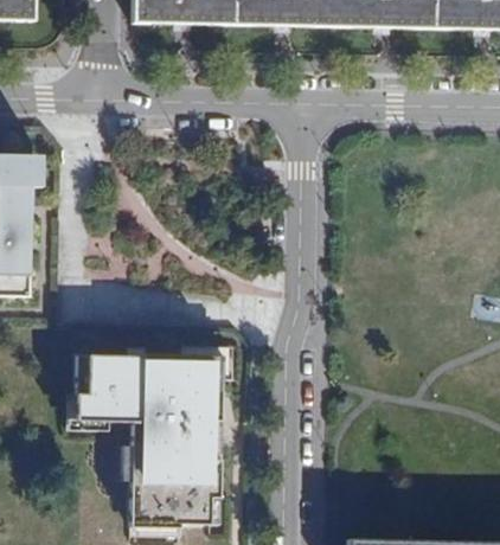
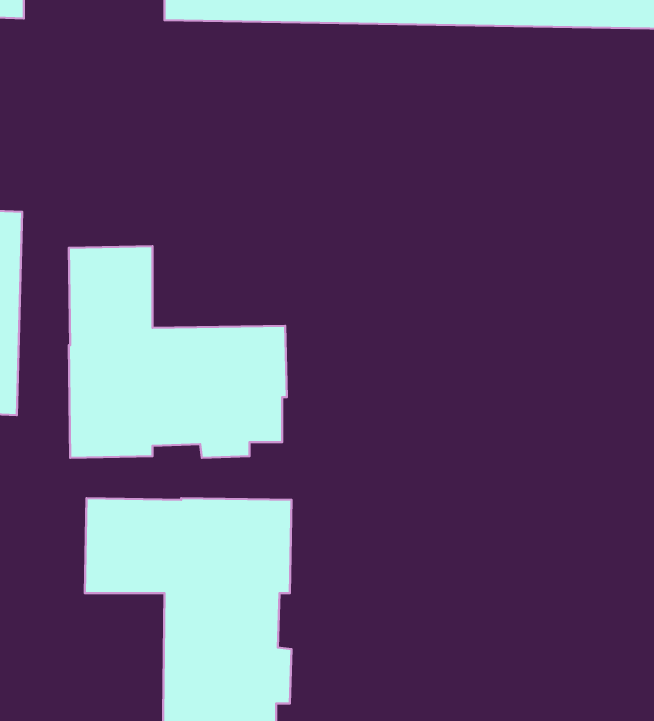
building: none -> [69,246,287,458]

